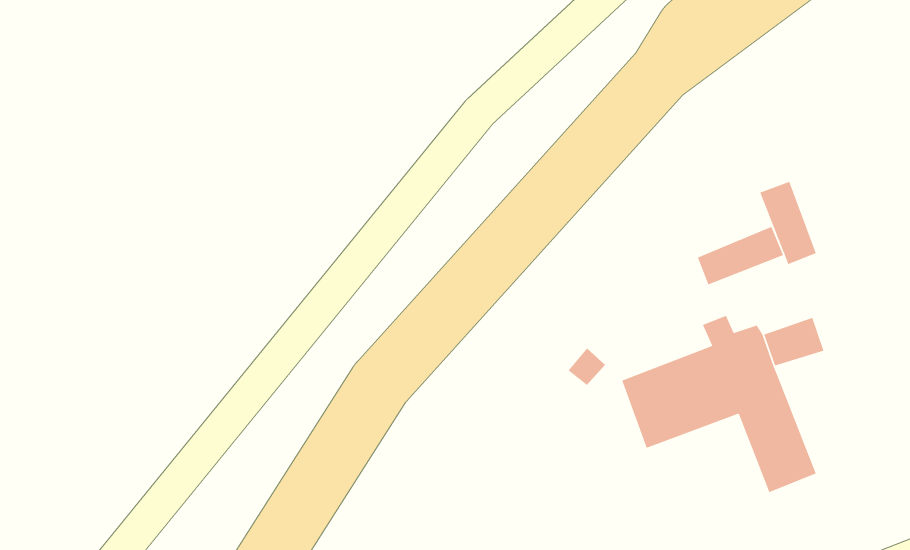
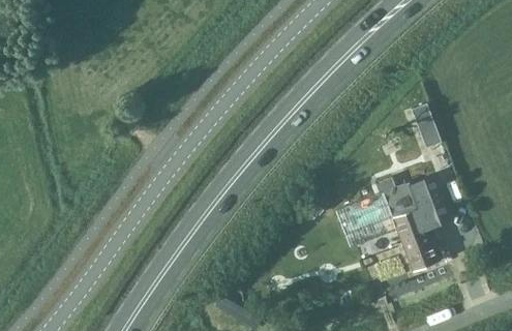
building: [697,226,784,286] -> none

